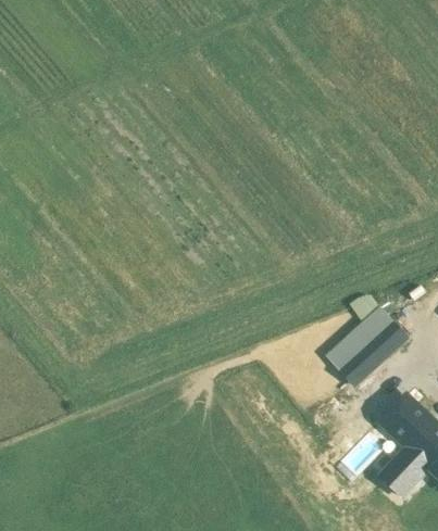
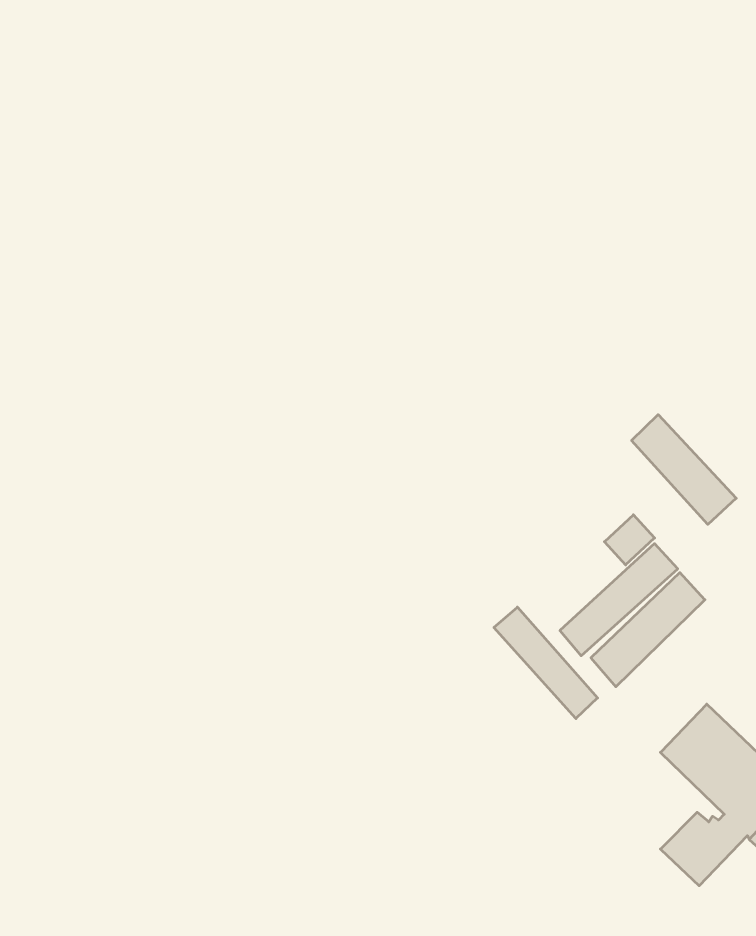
building: none -> [632,415,736,524]
building: none -> [494,607,598,719]

